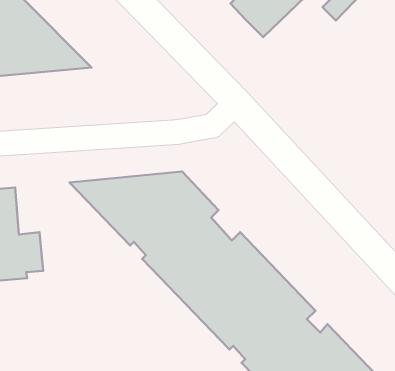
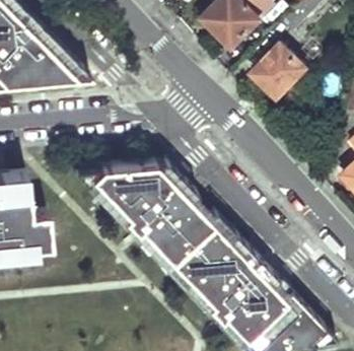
building: none -> [255,46,306,97]

